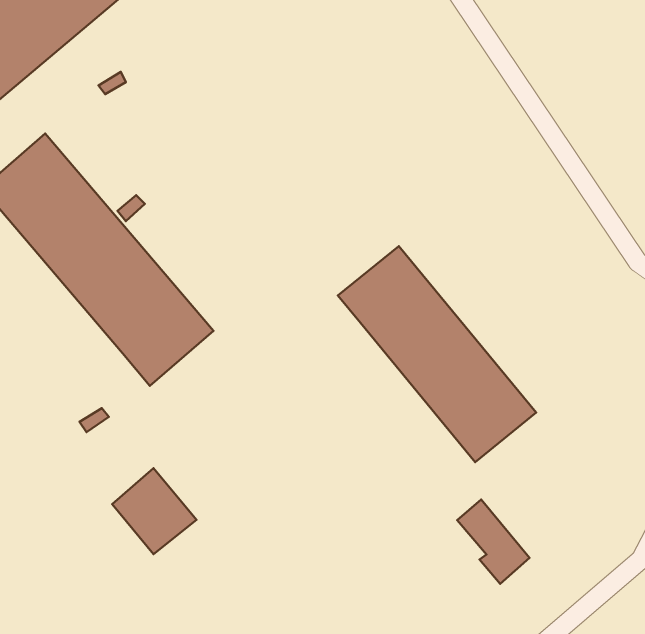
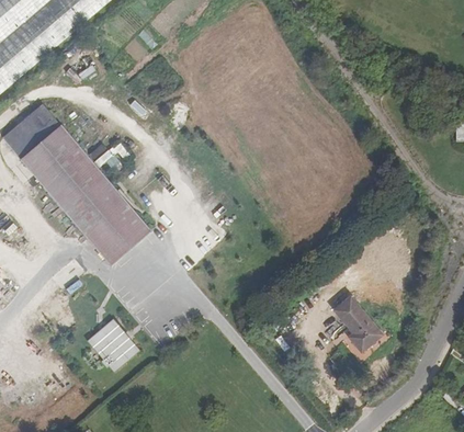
building: [338,246,536,462] -> none
building: [457,500,529,584] -> [335,297,381,351]

